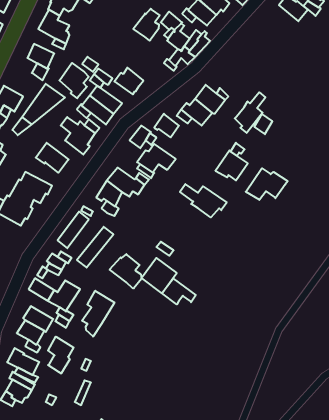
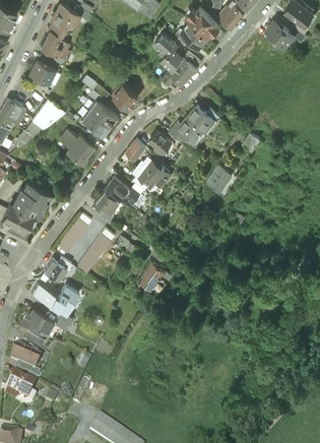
building: [133,9,160,41] -> none
building: [59,63,89,98] -> none
building: [235,92,265,133] -> none
building: [36,143,69,173] -> none
building: [246,168,288,200] -> none
building: [180,184,227,217] -> none
building: [110,254,141,288] -> none
building: [162,278,196,304] -> none
building: [82,291,114,337] -> none
building: [48,337,74,374] -> none

